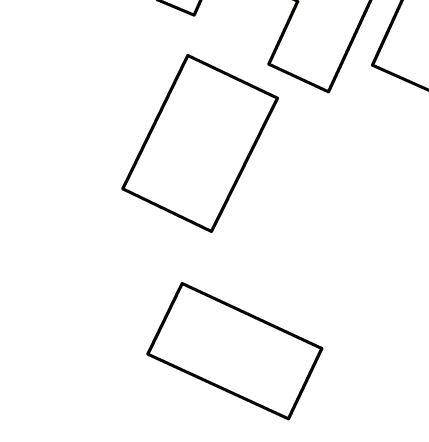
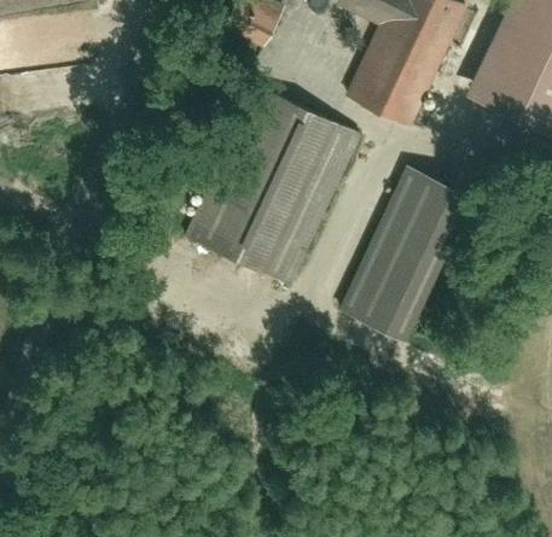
building: none -> [341,167,470,338]
building: [148,283,322,419] -> none

